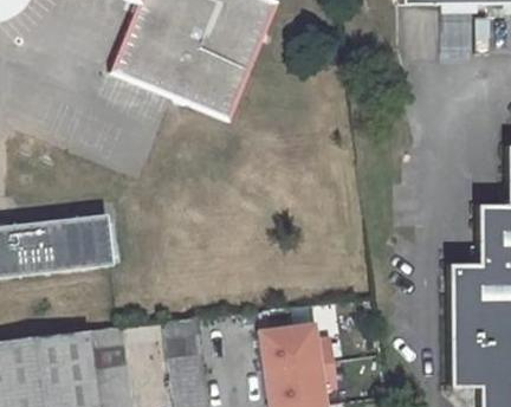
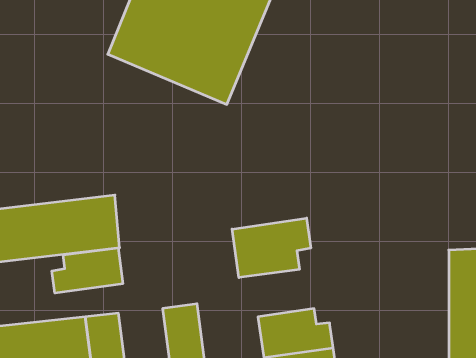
building: none -> [232,218,311,278]
building: none -> [52,248,123,293]

